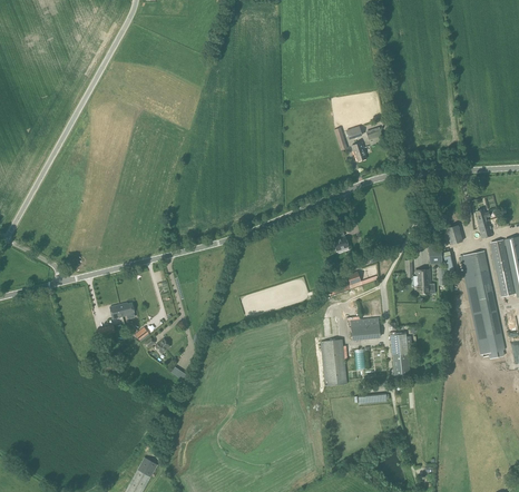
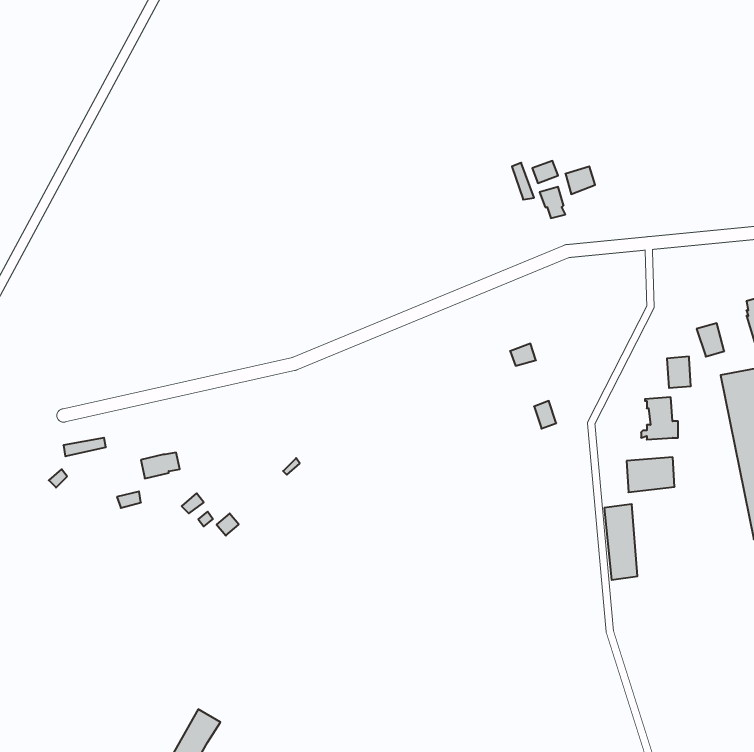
building: [351,317,380,338] -> [627,457,675,492]
building: [320,338,346,385] -> none

